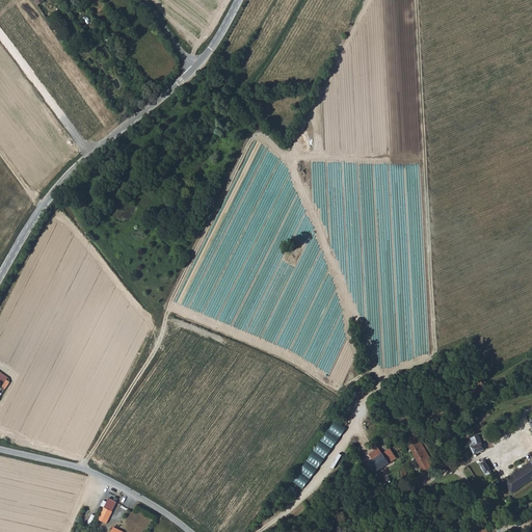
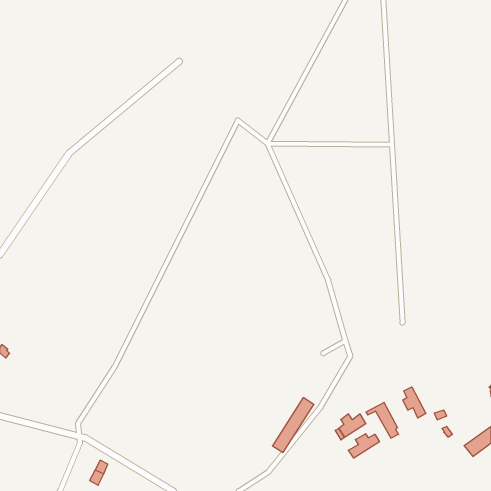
building: none -> [403,387,426,418]
building: none -> [348,434,379,458]

